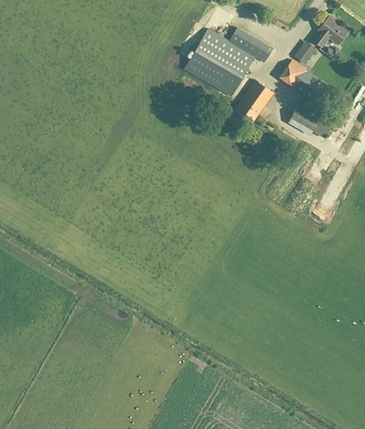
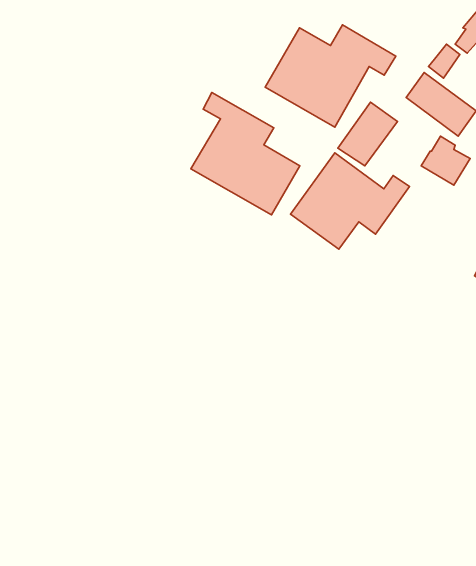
building: none -> [191,92,300,215]
building: none -> [290,153,410,249]

